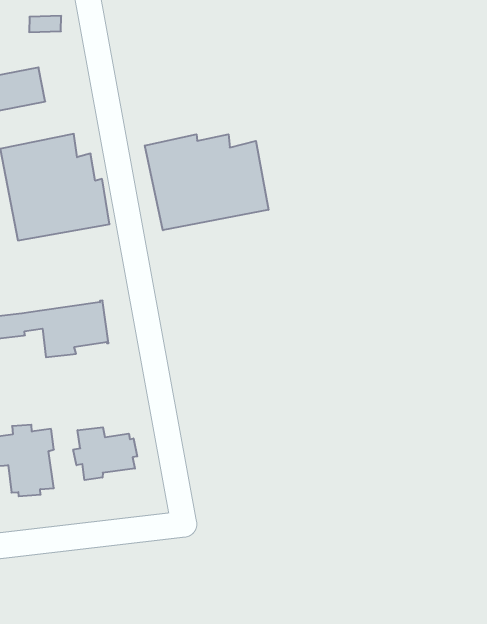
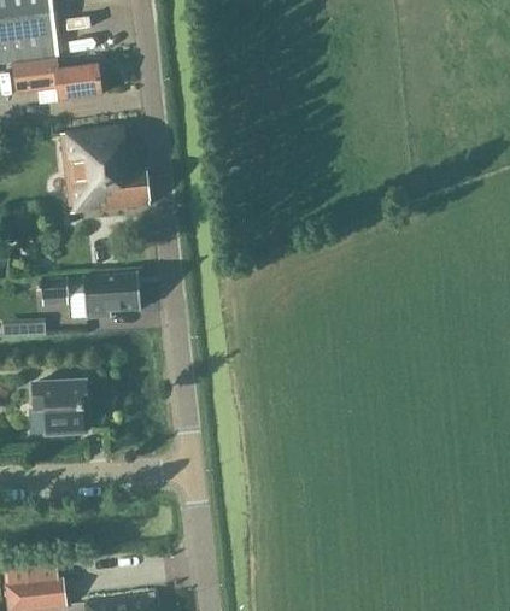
building: [145,134,268,230] -> none
building: [73,427,137,480] -> none

